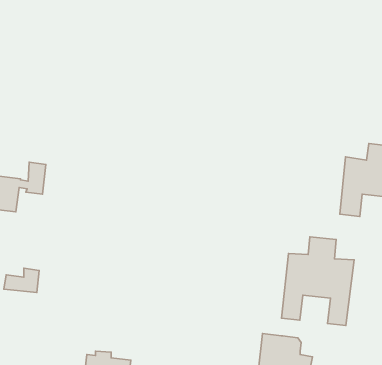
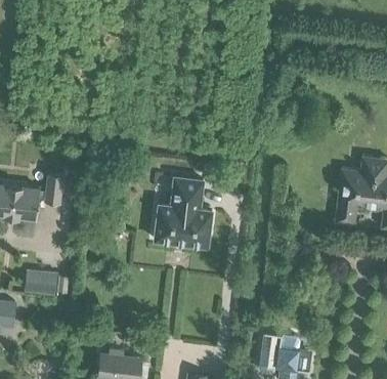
building: none -> [156,176,213,246]
building: [282,237,354,326] -> none

